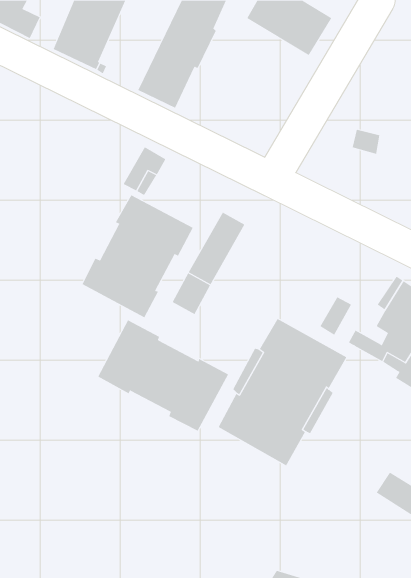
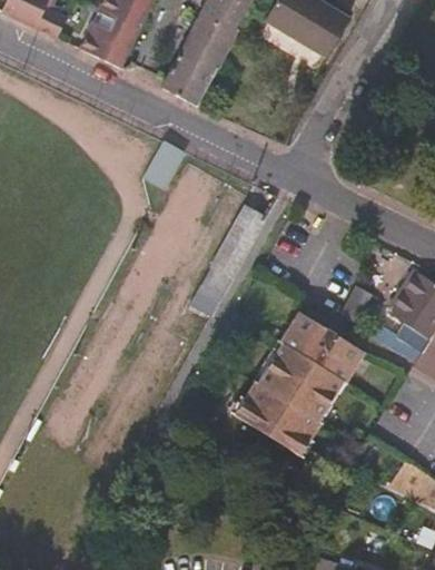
building: [82,195,193,318] -> none
building: [98,320,229,432] -> none

